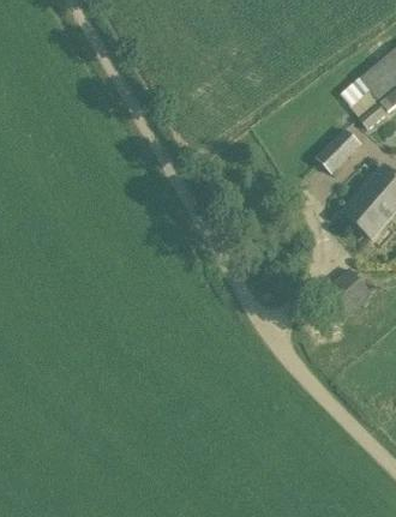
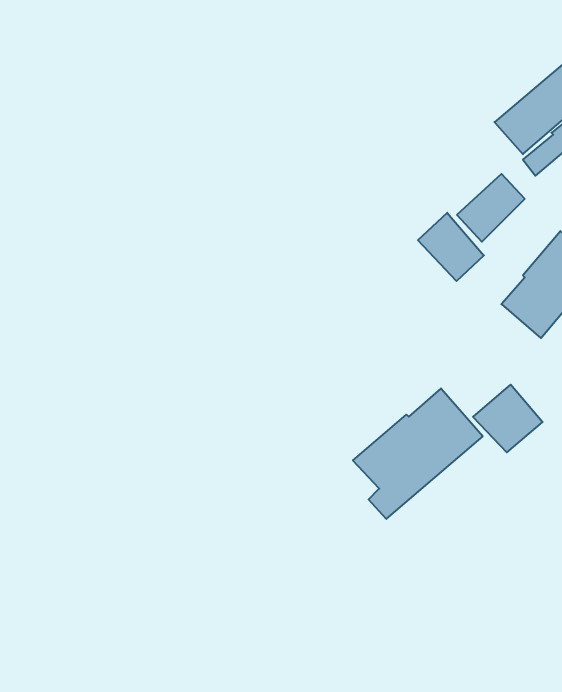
building: none -> [418,213,484,281]
building: none -> [353,388,483,519]

